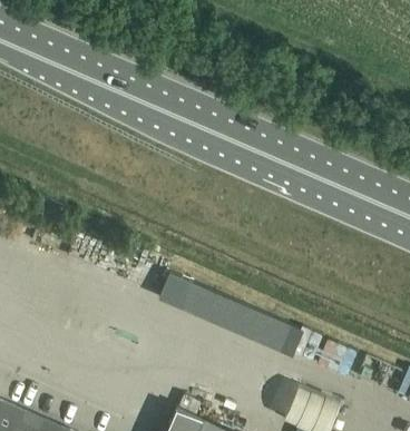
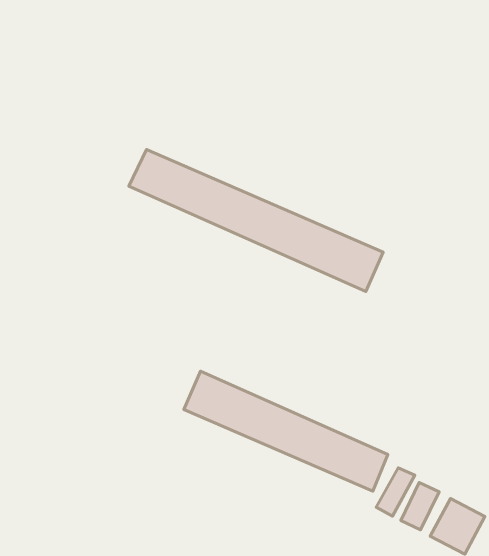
building: none -> [129,150,383,291]

